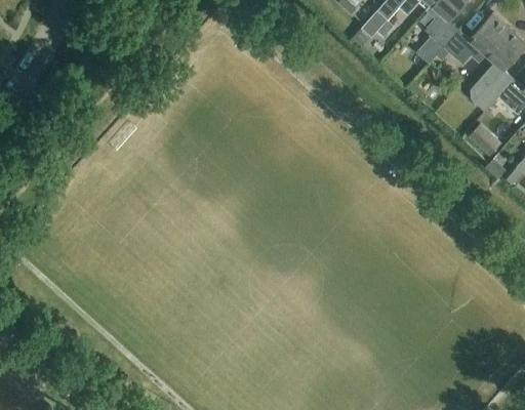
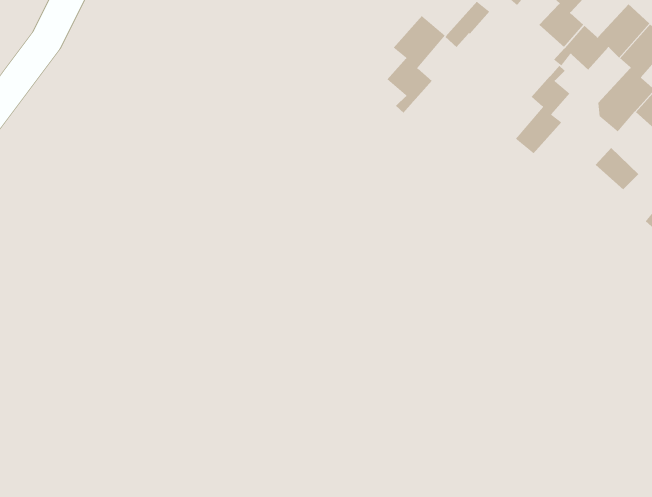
building: none -> [386,15,446,113]
building: none -> [515,65,571,154]

